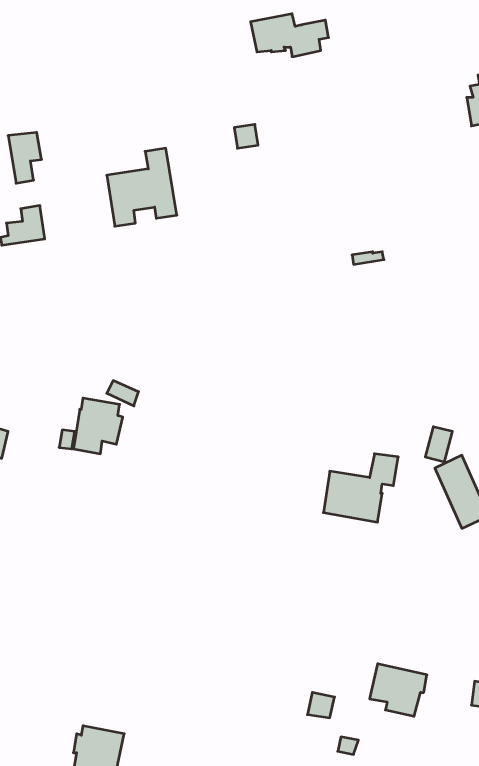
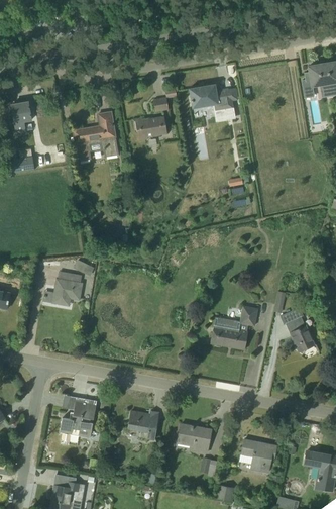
building: [251,14,329,57] -> [189,83,238,110]
building: none -> [133,115,167,140]
building: none -> [60,396,98,444]
building: none -> [127,409,160,438]
building: none -> [177,422,214,453]

